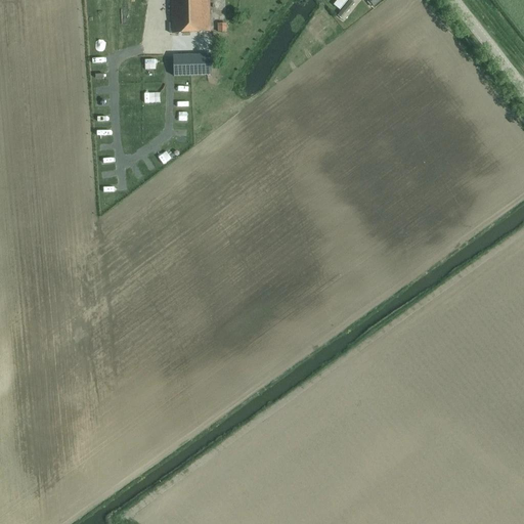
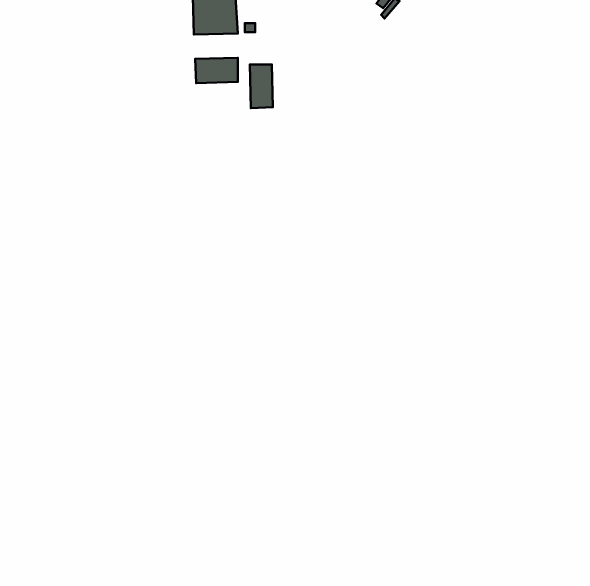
building: none -> [250,64,273,108]

